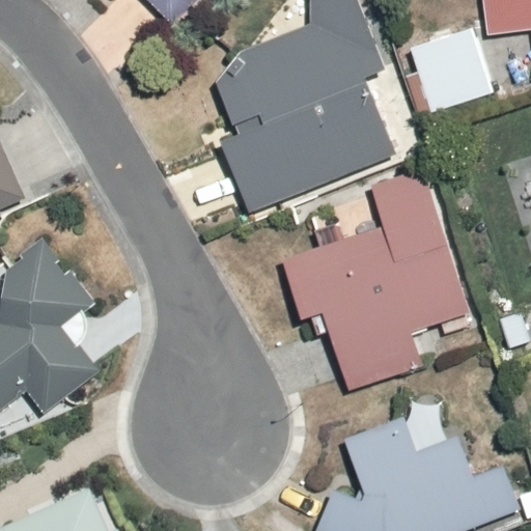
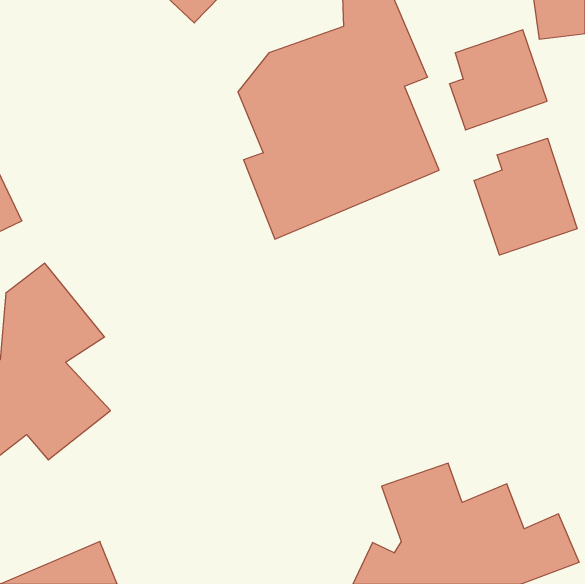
building: none -> [474,138,577,255]
building: [282,167,471,390] -> none

